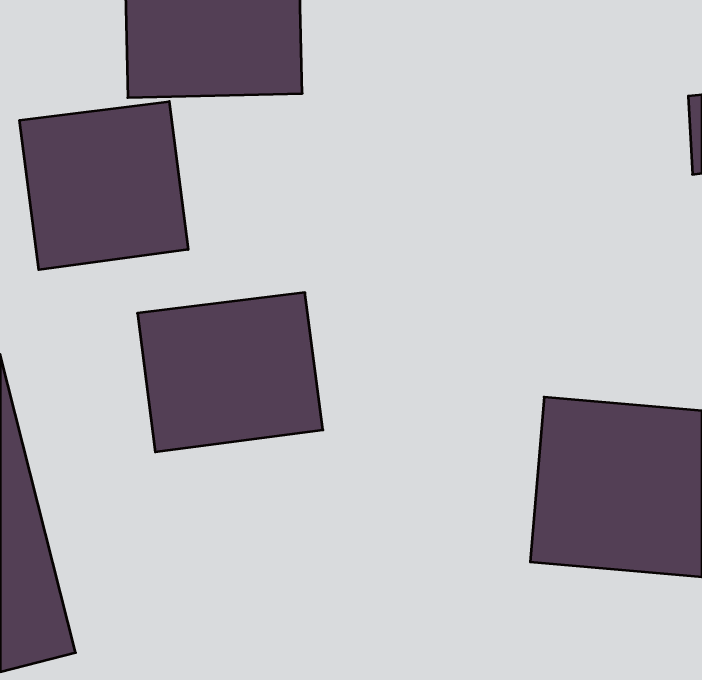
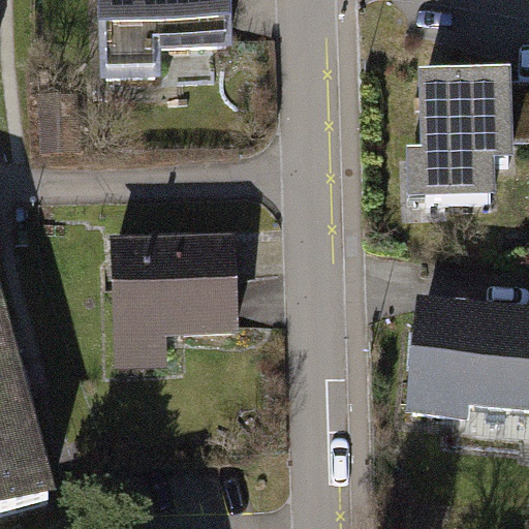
building: none -> [403,69,512,205]
building: [20,101,188,270] -> none

